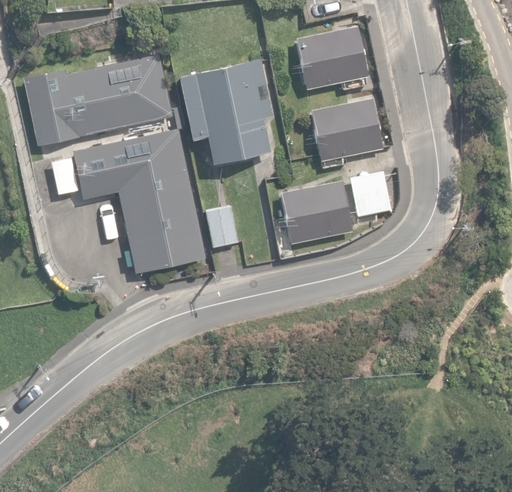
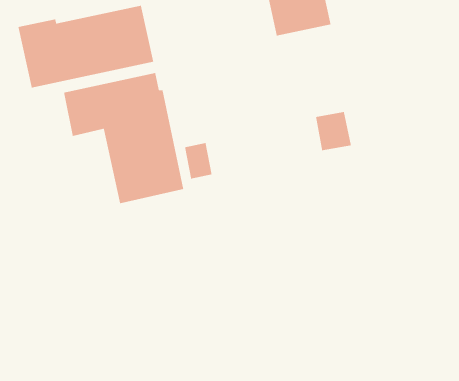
building: [178,59,272,163] -> none
building: [311,98,383,162] -> none
building: [280,181,353,244] -> none

